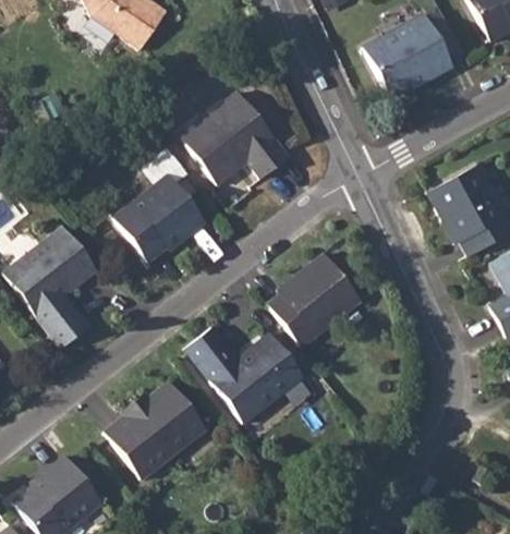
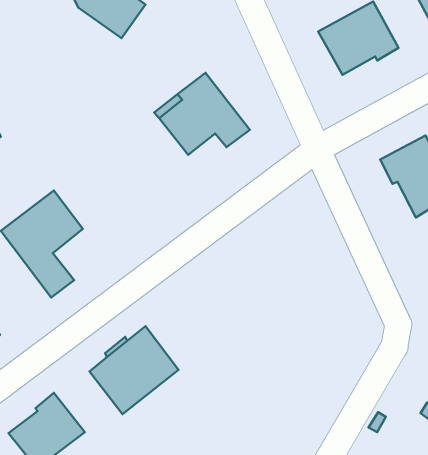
building: [119,149,206,259] -> none
building: [268,253,359,342] -> none
building: [183,327,301,422] -> none

